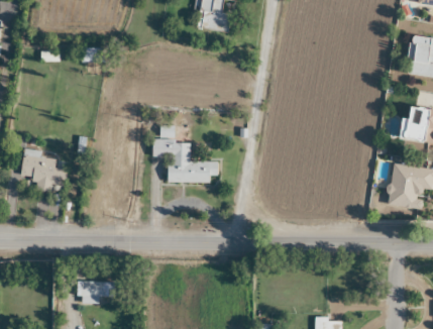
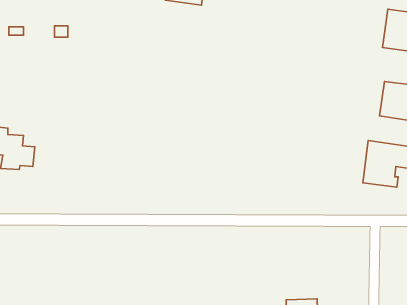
building: [152,139,218,182] -> none
building: [78,281,114,296] -> none

